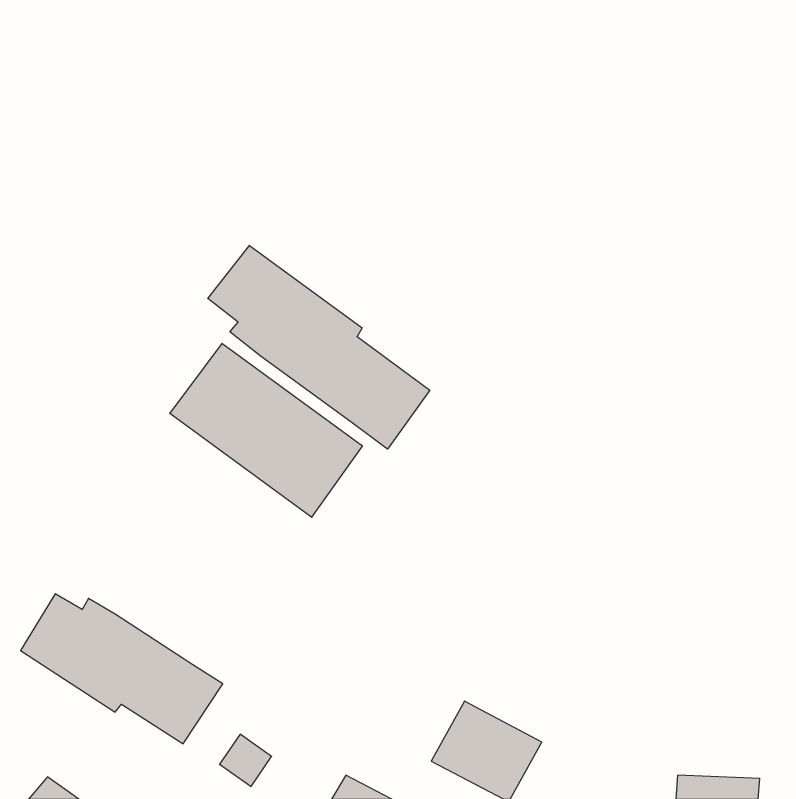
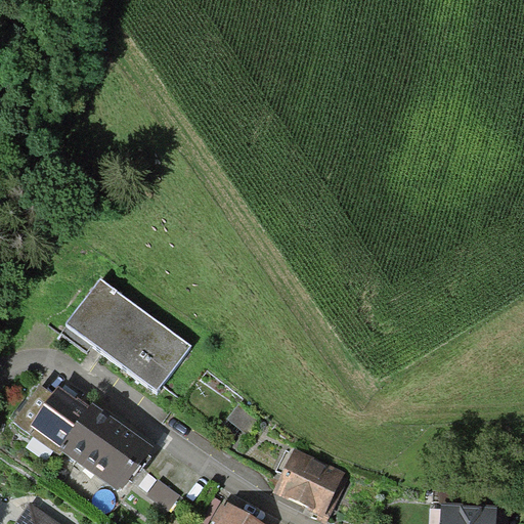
building: [208,245,430,449] -> none
building: [170,344,362,517] -> [70,281,194,394]

